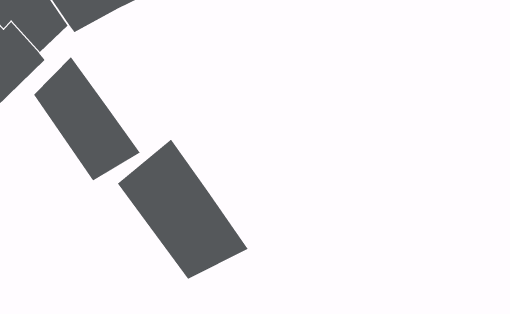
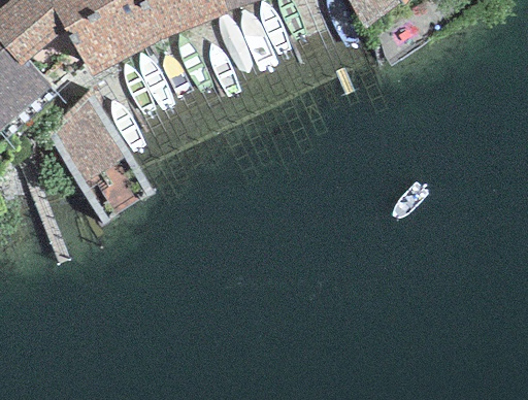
building: [117,138,249,280] -> none

